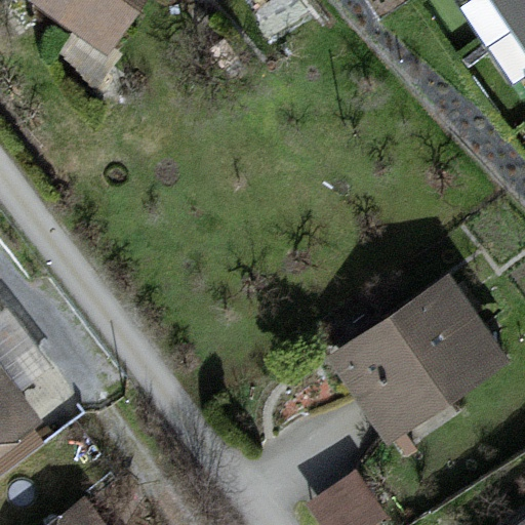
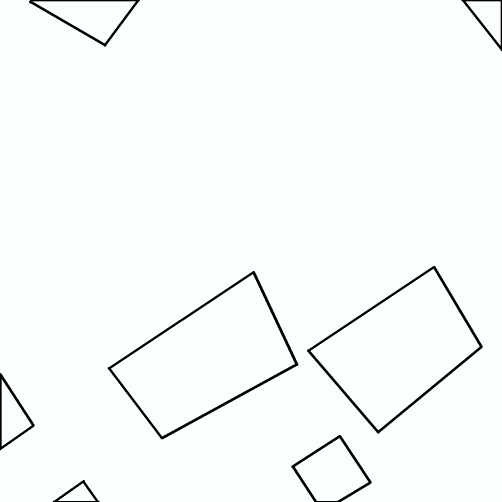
building: none -> [109,272,297,438]

